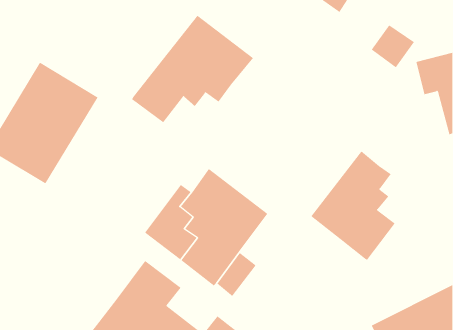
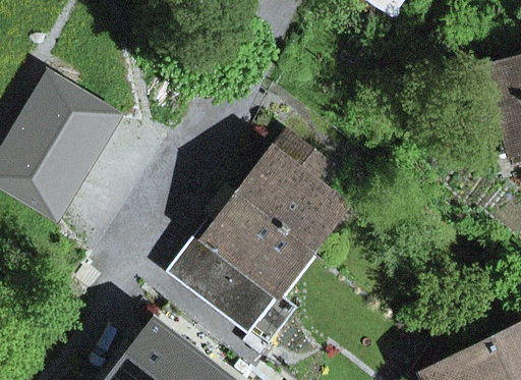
building: [131,15,254,123] -> none
building: none -> [240,131,340,246]
building: [310,150,395,260] -> none

